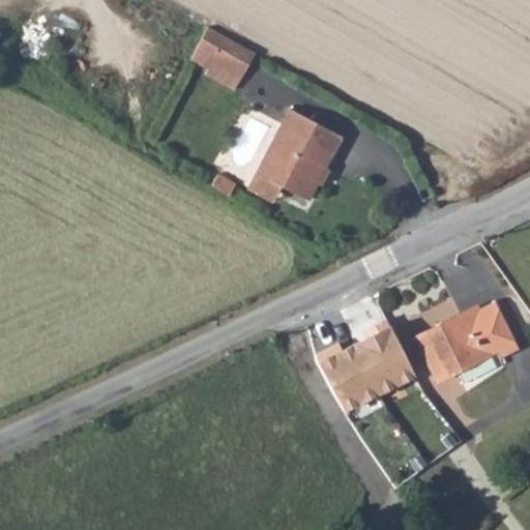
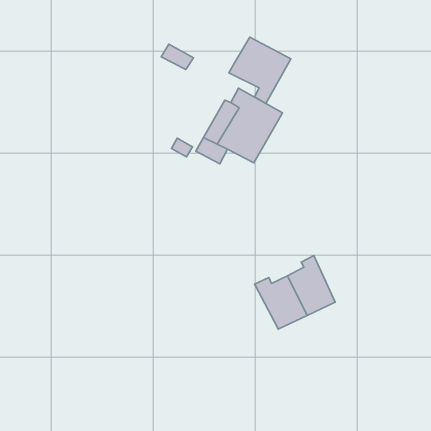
building: [209,35,251,73] -> none
building: none -> [229,37,291,104]
building: [416,303,520,382] -> none

